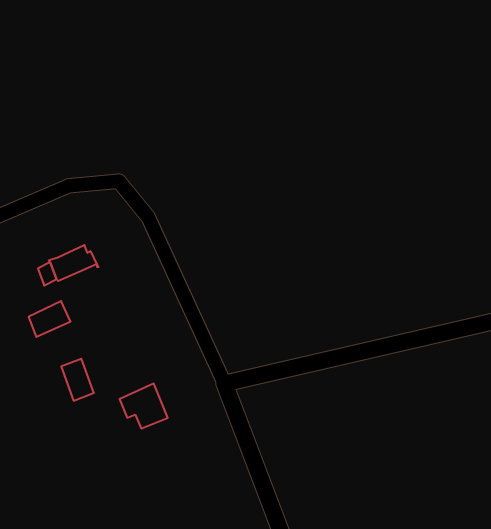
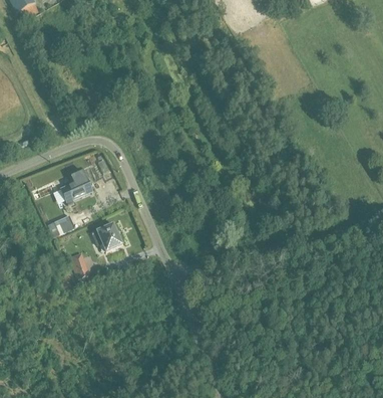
building: [120,383,168,429] -> [92,222,123,251]

